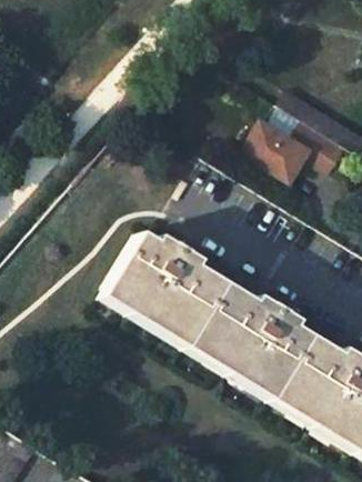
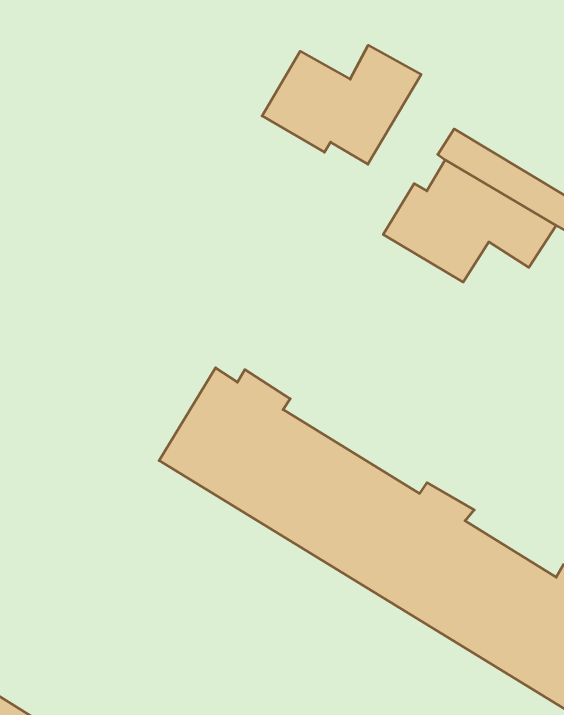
building: none -> [262,45,421,164]

